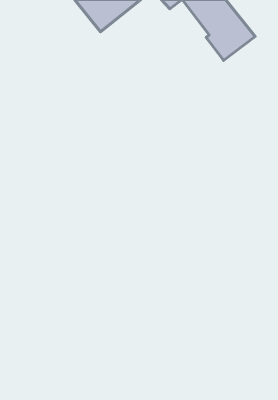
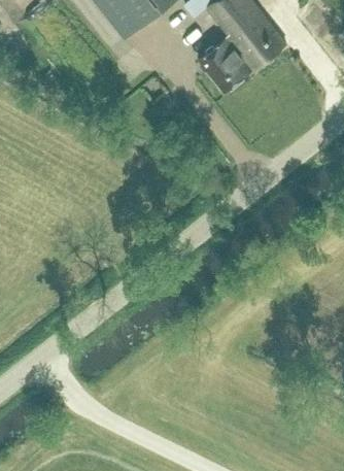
building: none -> [201,32,253,89]

